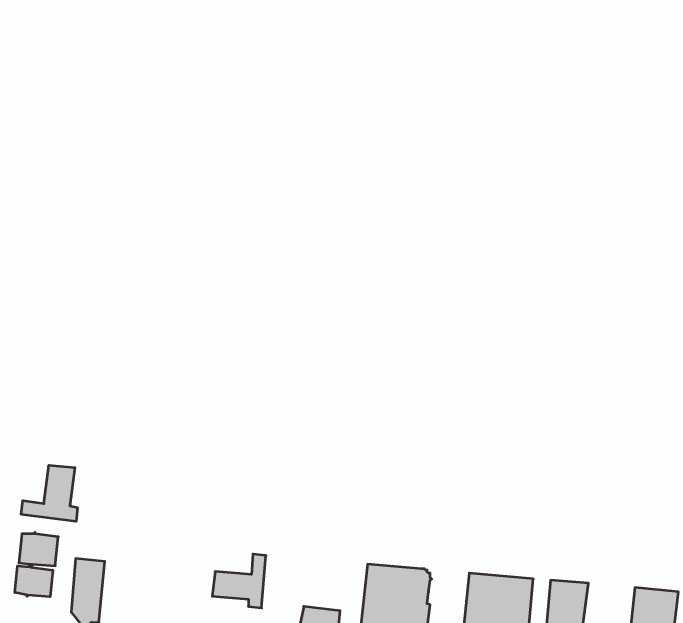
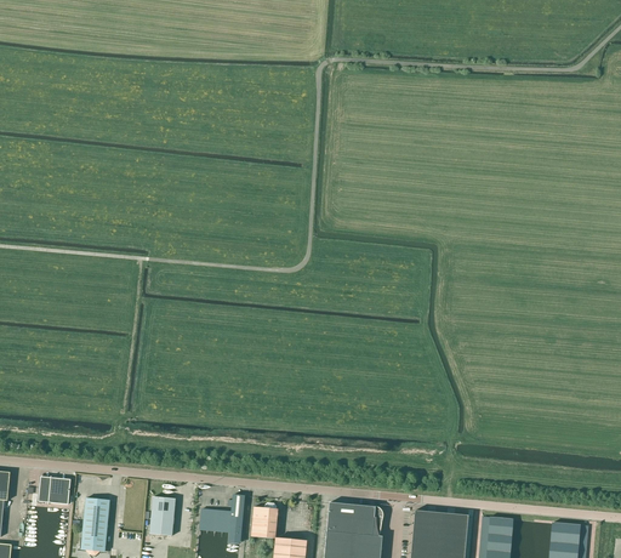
building: [21,465,77,521] -> none
building: none -> [149,497,175,536]
building: [15,566,53,597] -> none
building: none -> [251,507,278,539]

